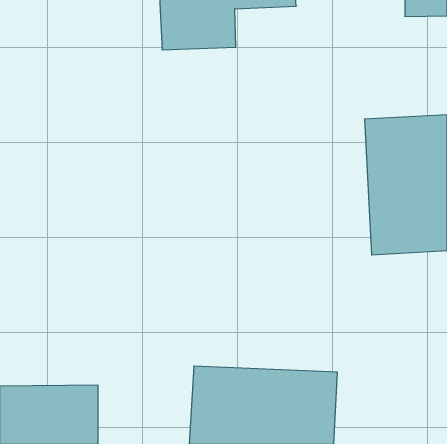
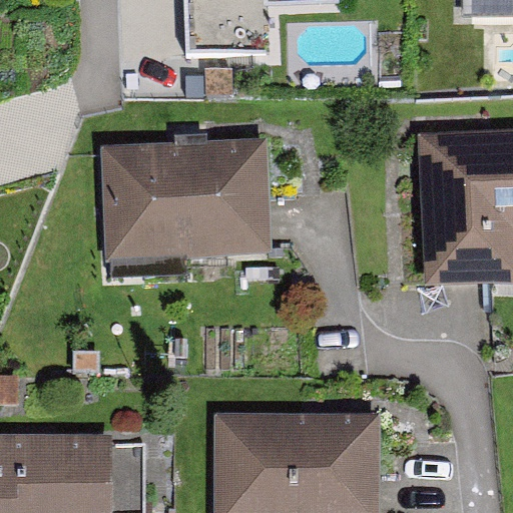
building: none -> [114,132,271,258]

